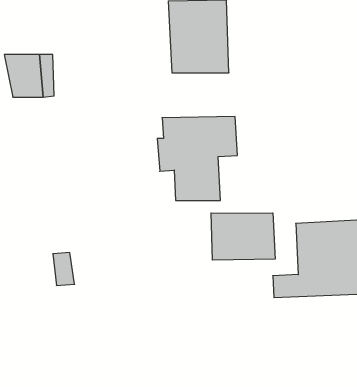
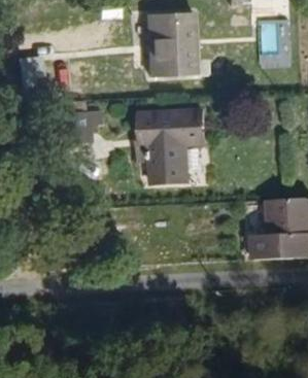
building: none -> [58,108,100,136]
building: [211,213,275,260] -> none

